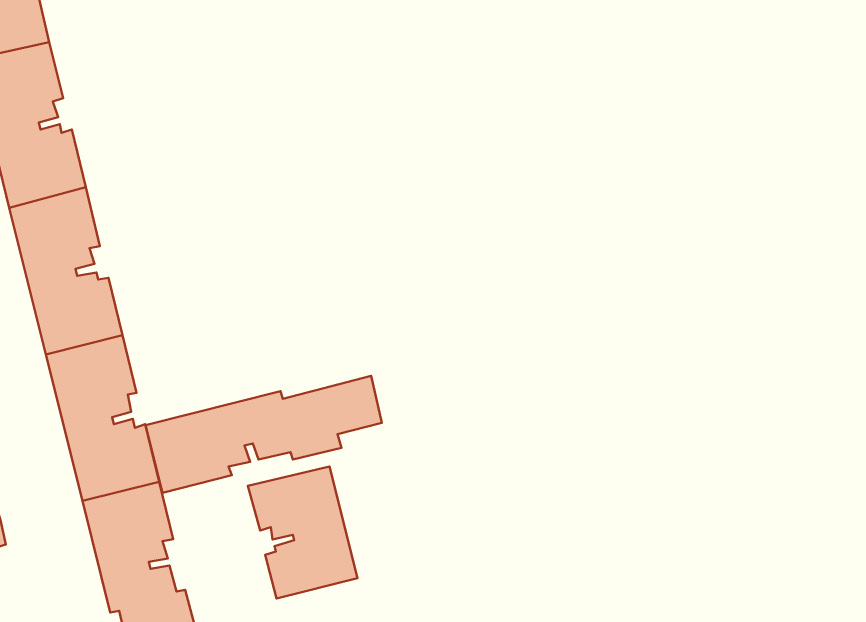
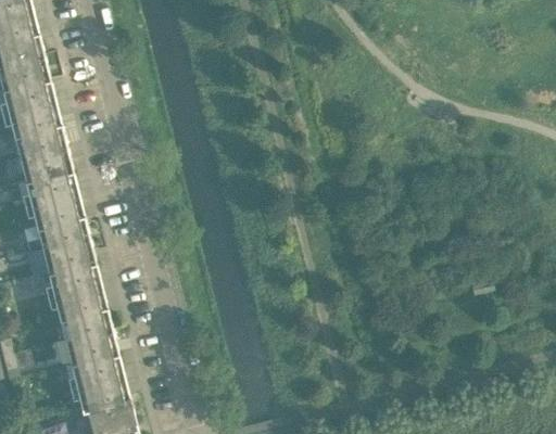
building: [145,376,382,493] -> none
building: [248,467,357,598] -> none

